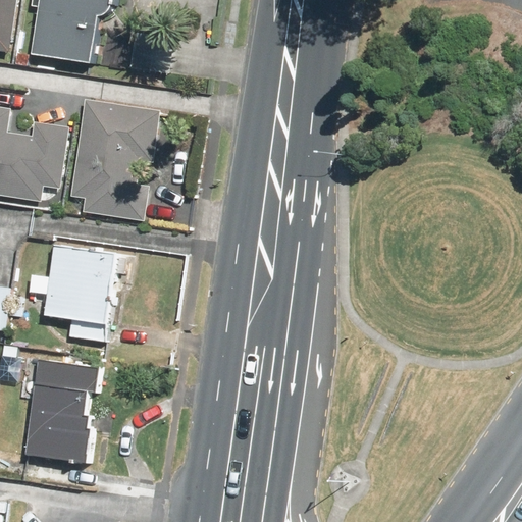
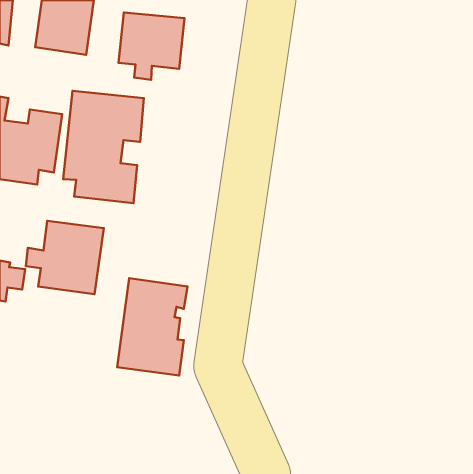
building: none -> [118,12,185,80]
building: [22,359,100,466] -> [117,278,188,376]

